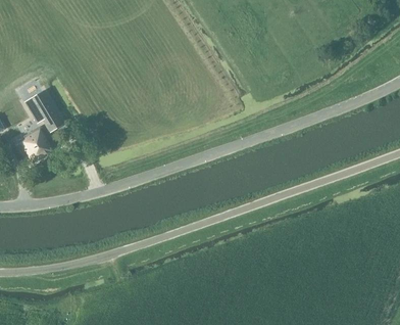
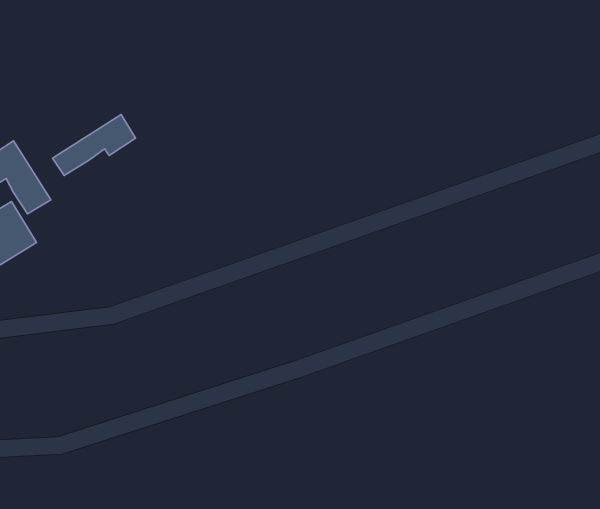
building: none -> [53,115,136,176]

